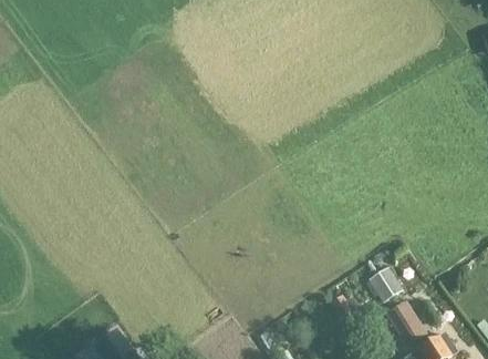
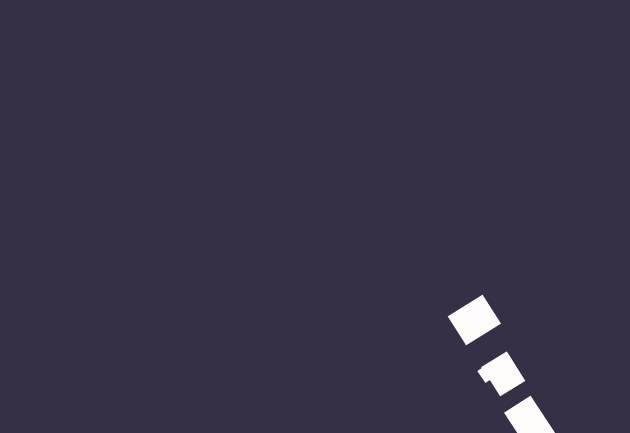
building: none -> [446,294,502,346]

